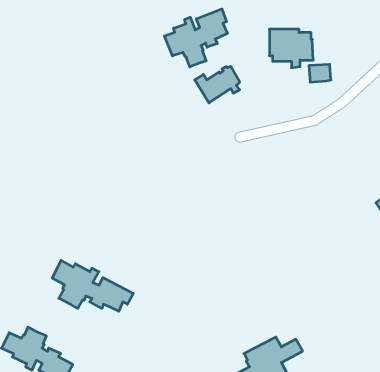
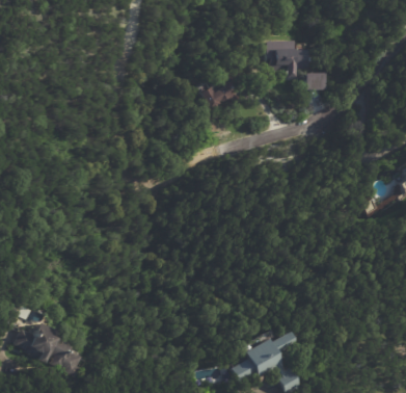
building: [164,9,227,67] -> none
building: [52,260,133,311] -> none

